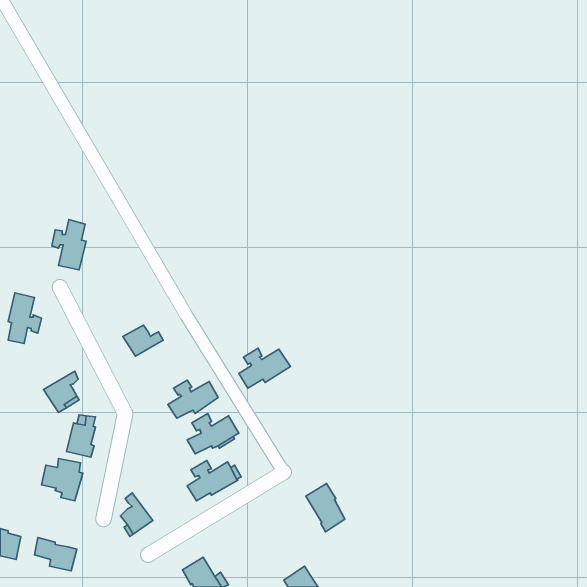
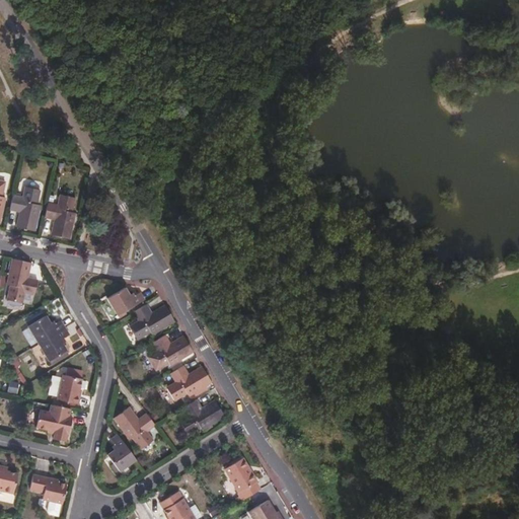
building: none -> [10,187,41,231]
building: [239,348,290,388] -> [130,304,175,340]
building: none -> [28,315,66,344]
building: none -> [114,406,155,449]
building: [306,483,345,532] -> [224,457,258,500]

